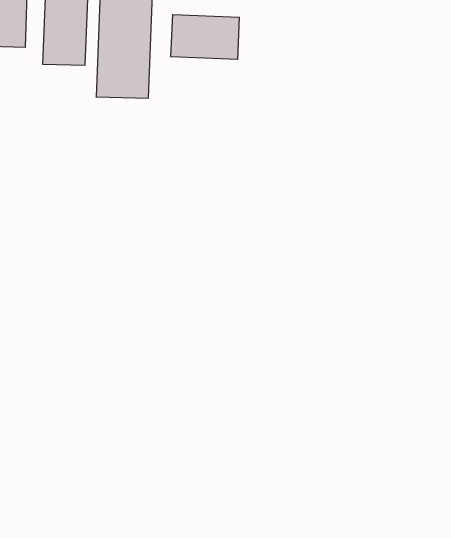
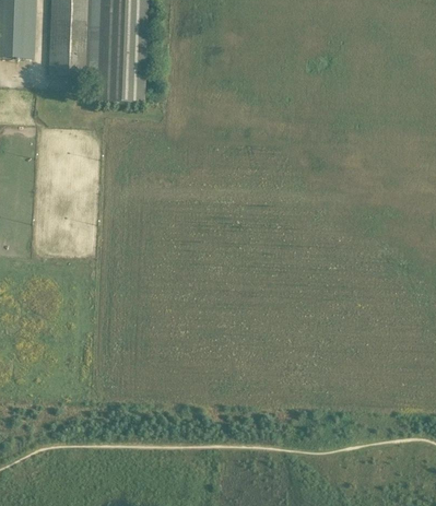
building: [171,15,239,59] -> none

